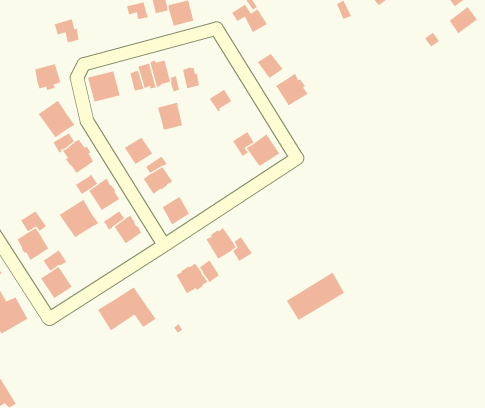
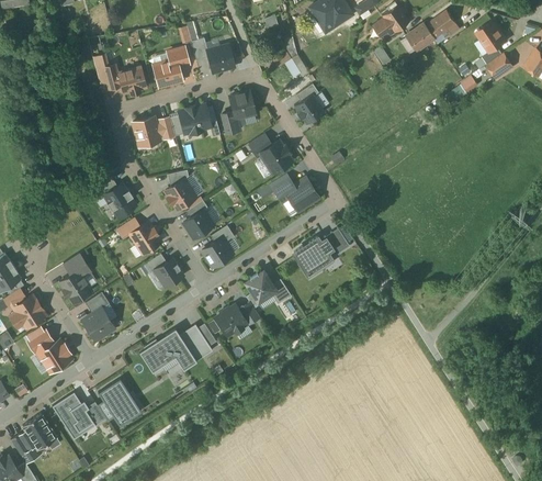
building: none -> [154,58,183,86]
building: [34,64,61,90] -> [120,67,146,93]
building: [275,73,308,106] -> [260,139,293,172]
building: [38,100,75,138] -> none
building: [157,102,183,130] -> [230,90,256,118]
building: [59,199,99,238] -> none
building: [286,272,345,321] -> [293,226,351,275]
building: none -> [180,323,213,359]
building: none -> [50,378,139,438]

